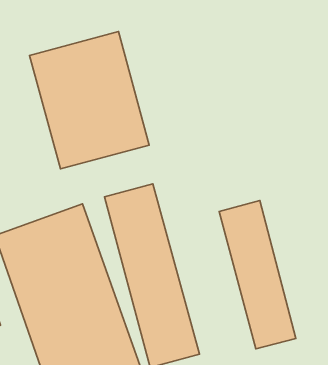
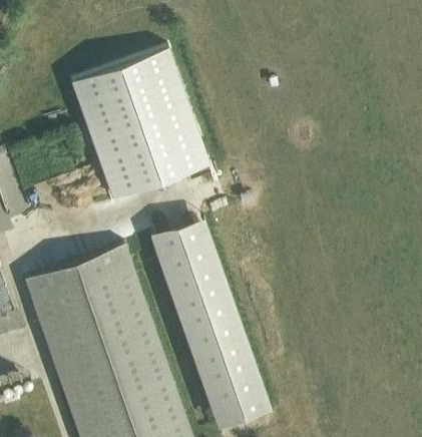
building: [219,201,296,349] -> none

